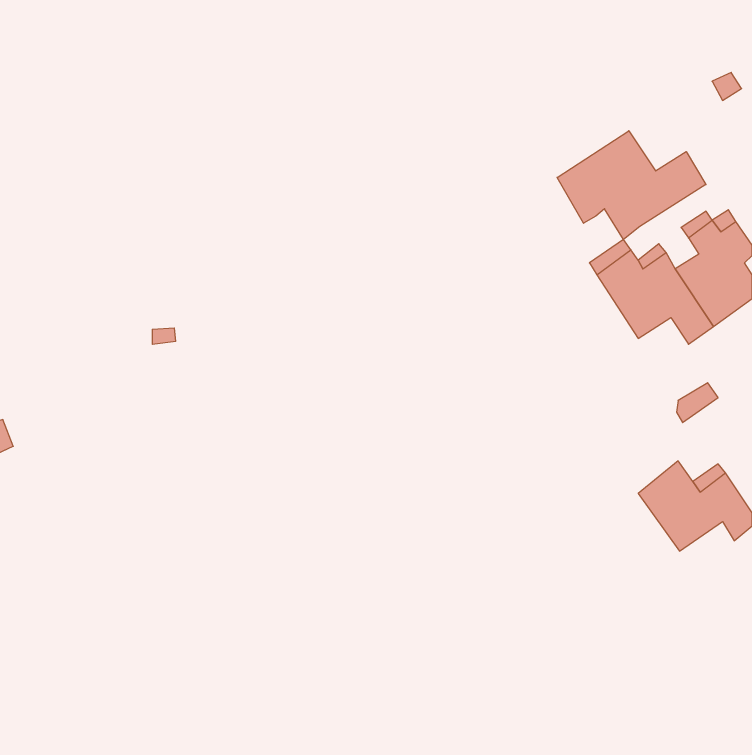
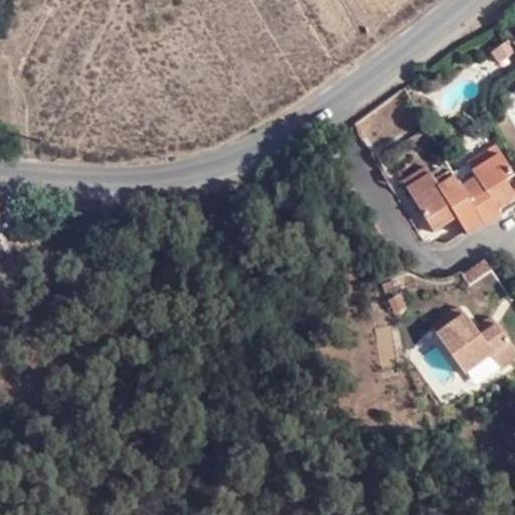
building: [557,131,706,239] -> none

